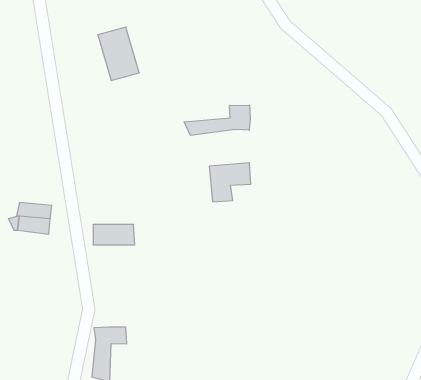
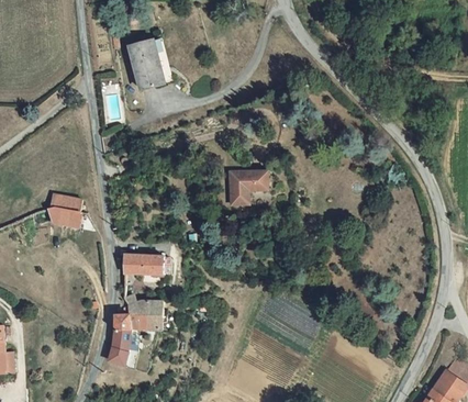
building: [184,105,250,135] -> none
building: [93,225,135,245] -> [123,255,161,276]
building: none -> [123,300,160,331]

